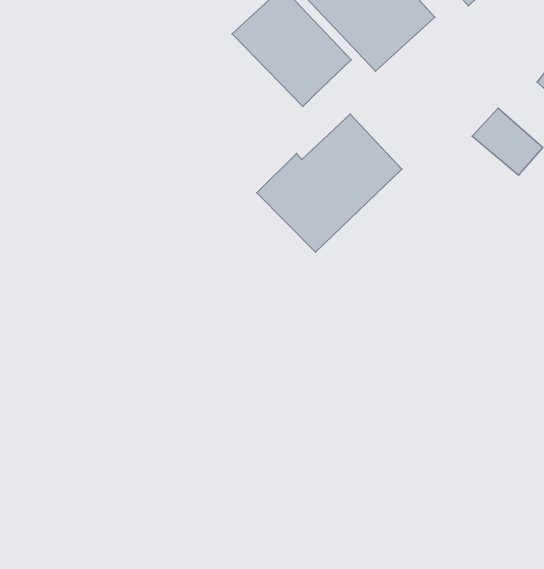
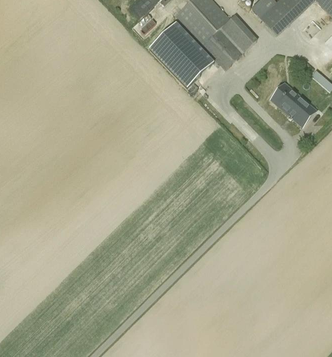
building: [257,114,402,252] -> none

